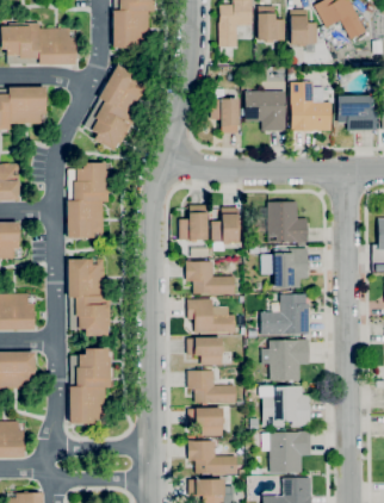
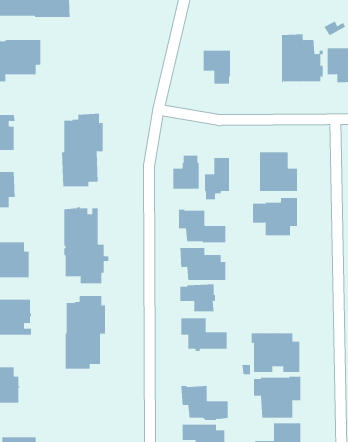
building: [85,64,149,150] -> none
building: [244,91,286,131] -> none
building: [261,293,310,335] -> none
building: [261,340,310,381] -> none
building: [188,408,225,436] -> none

